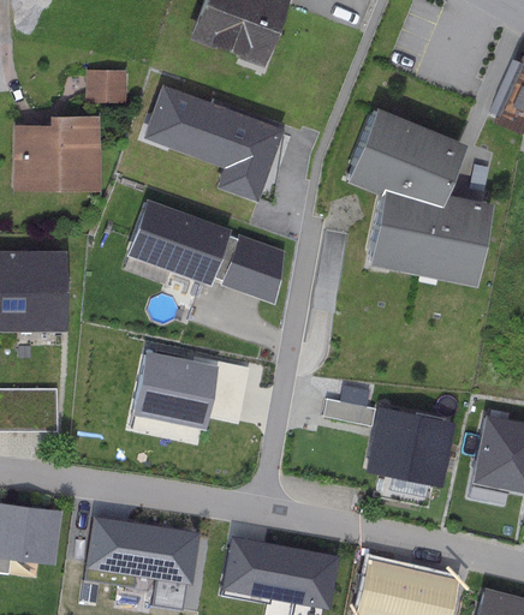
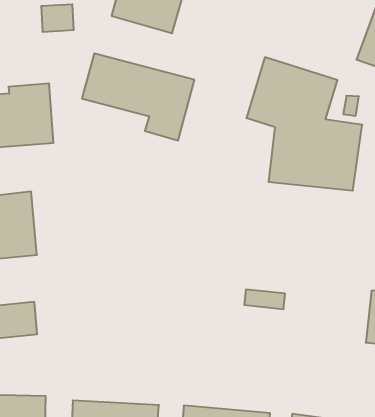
building: [87,70,127,103] -> [41,4,74,32]
building: [125,198,286,305] -> none
building: [138,357,239,430] -> none
building: [365,405,455,486] -> none

